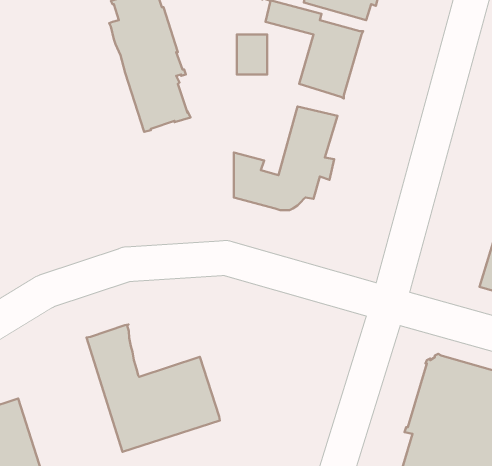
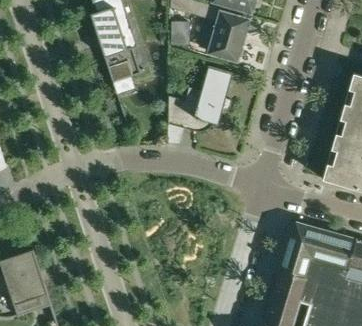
building: [87,325,220,452] -> none

